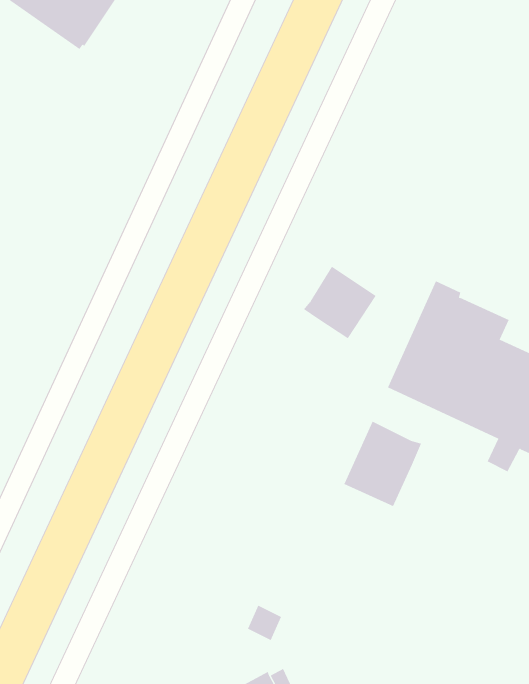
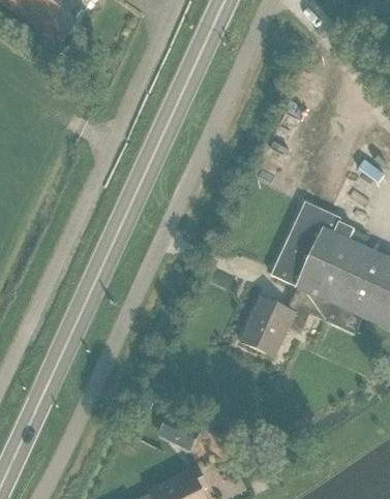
building: [303,266,376,339] -> none

